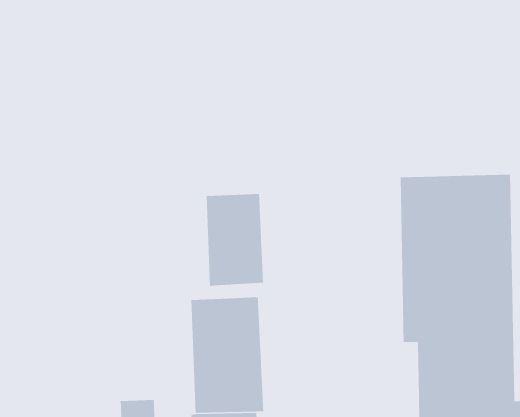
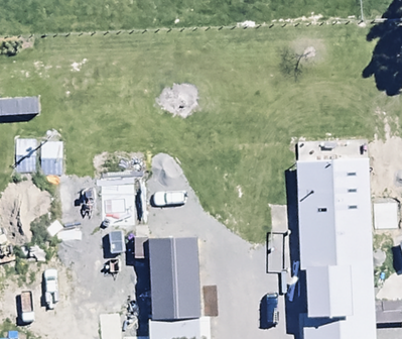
building: [206,193,264,287] -> none

